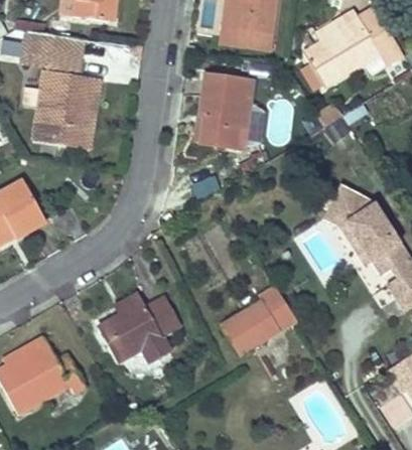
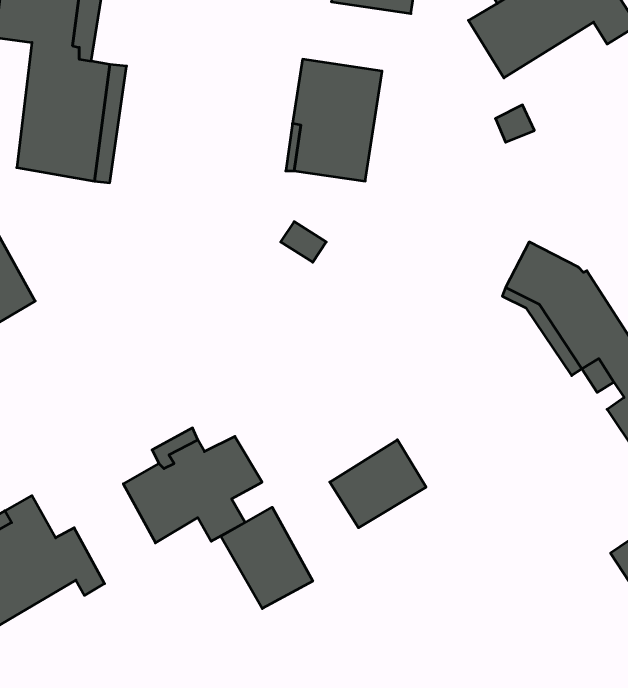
building: [256,283,295,329] -> none
building: none -> [221,507,313,609]

